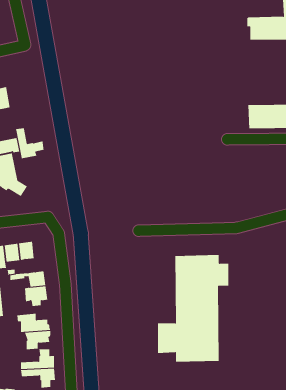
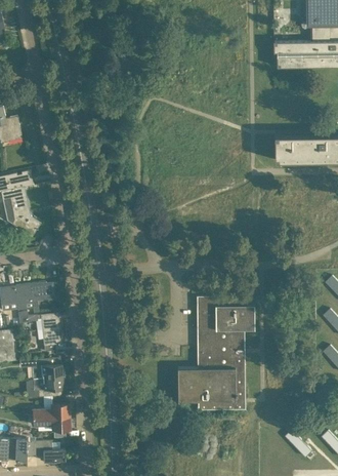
building: [16,127,44,159] -> none

